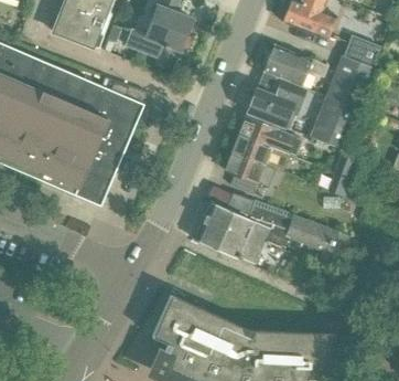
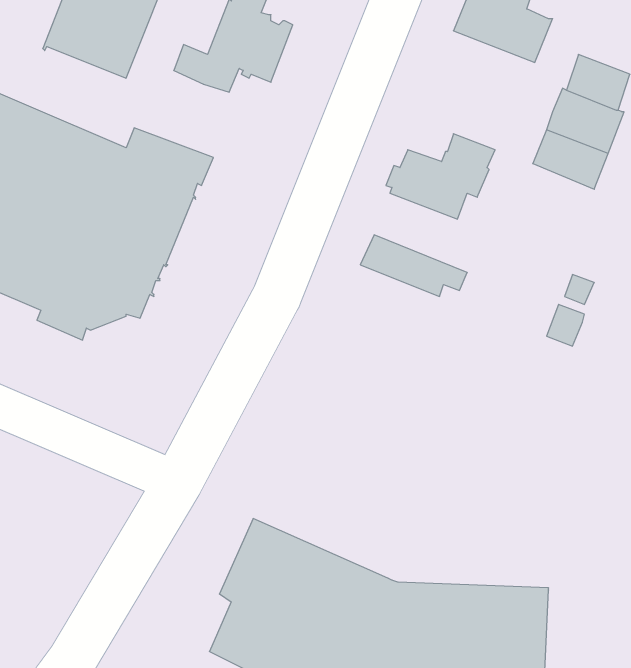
building: [261,45,327,89] -> none
building: [310,97,359,151] -> none
building: [237,117,289,158] -> none
building: [224,154,273,194] -> none
building: [194,193,349,268] -> none

